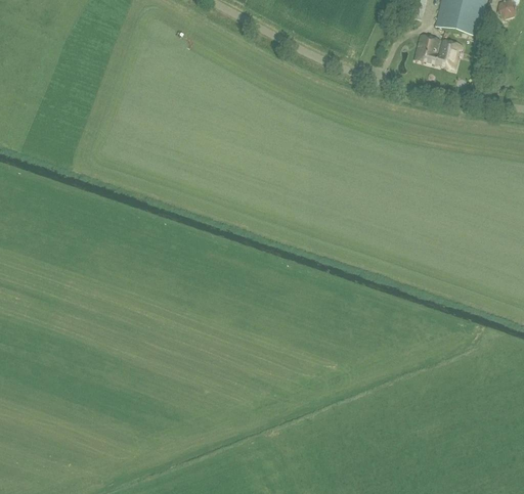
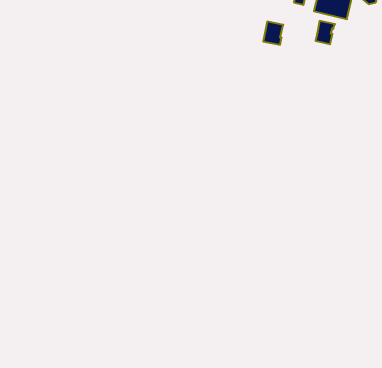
building: [414,32,440,61] -> [263,22,283,45]

